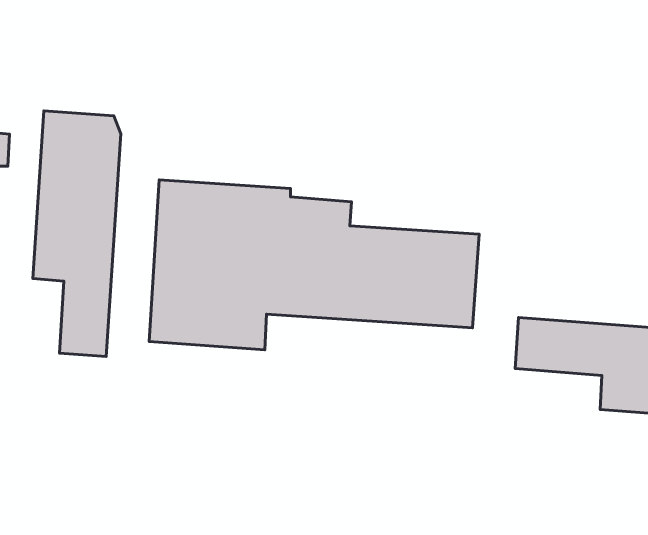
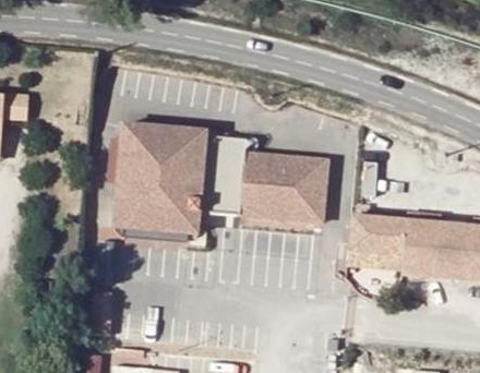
building: [33,111,121,357] -> none

